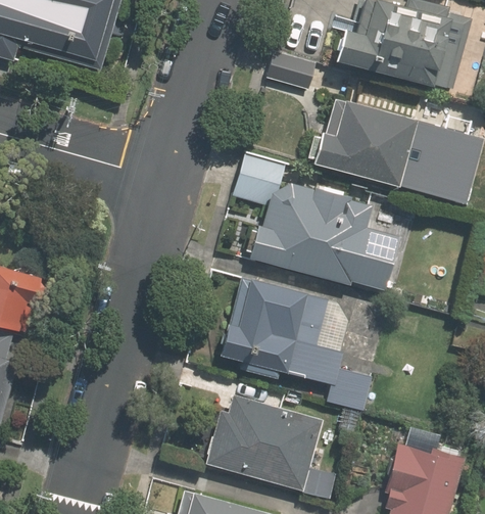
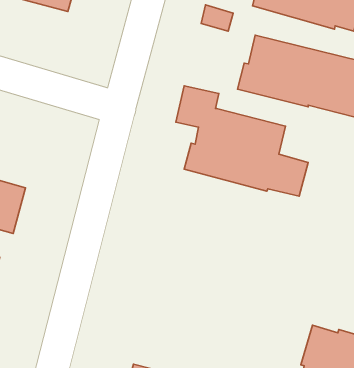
building: [213,275,369,407] -> none
building: [198,396,314,493] -> none

